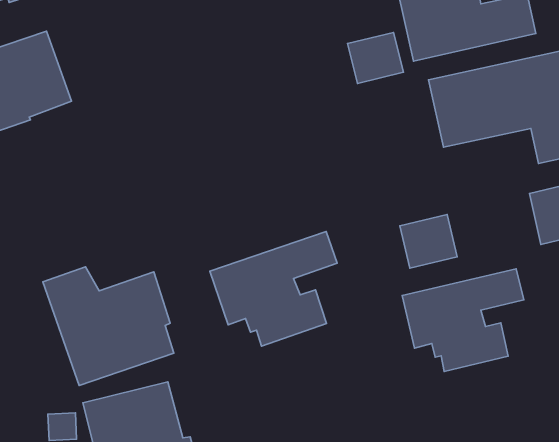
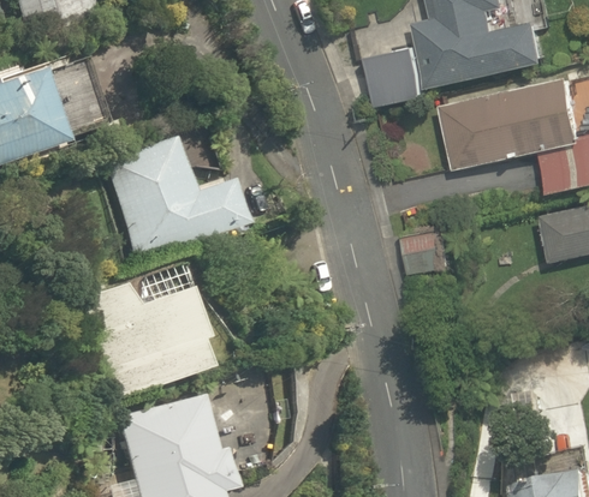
building: none -> [99,137,237,261]
building: [210,232,337,346] -> none
building: [402,269,524,372] -> none

